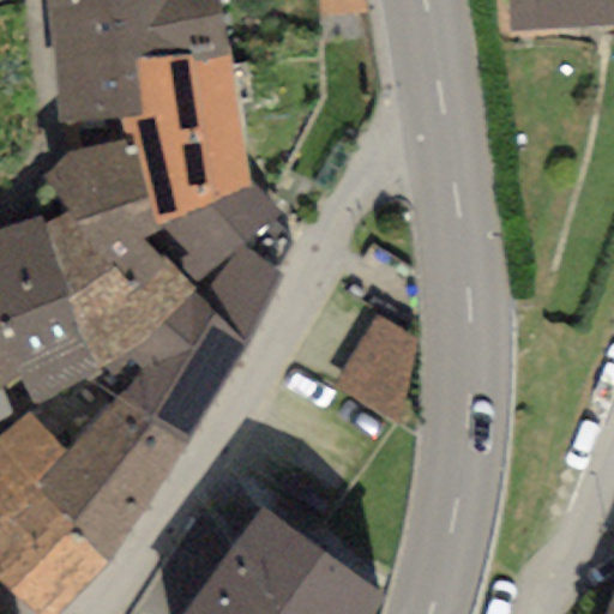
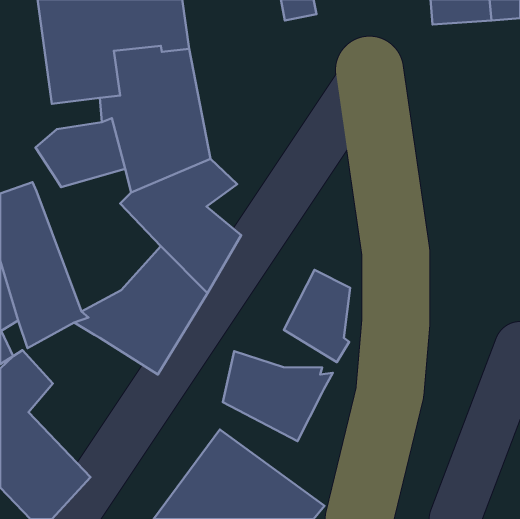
building: [43,199,189,367] -> none
building: [34,395,186,562] -> none
building: none -> [223,351,333,441]

